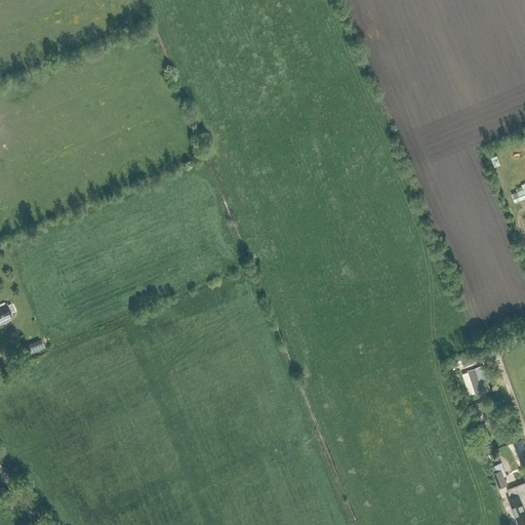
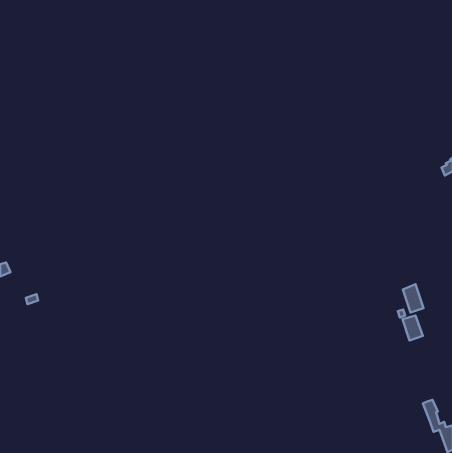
building: none -> [403,284,423,312]

